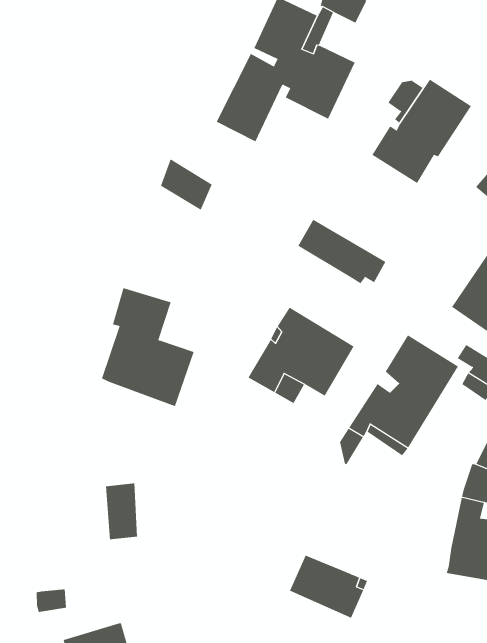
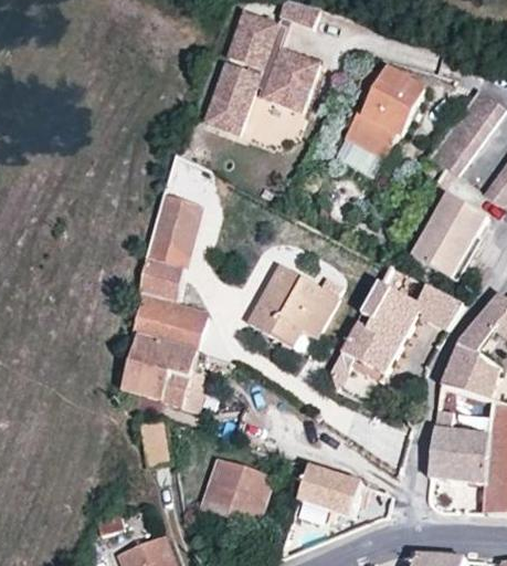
building: none -> [144,196,202,270]
building: [297,219,386,284] -> none
building: none -> [122,338,208,415]
building: none -> [193,463,267,532]

